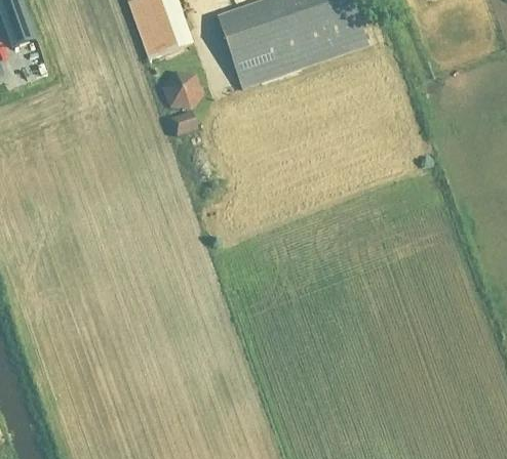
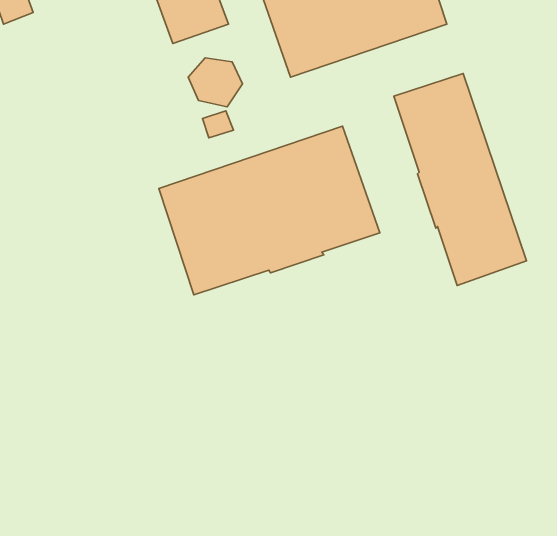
building: none -> [394,74,527,285]
building: none -> [159,126,380,295]

